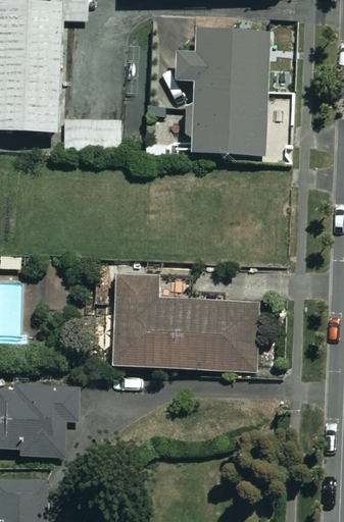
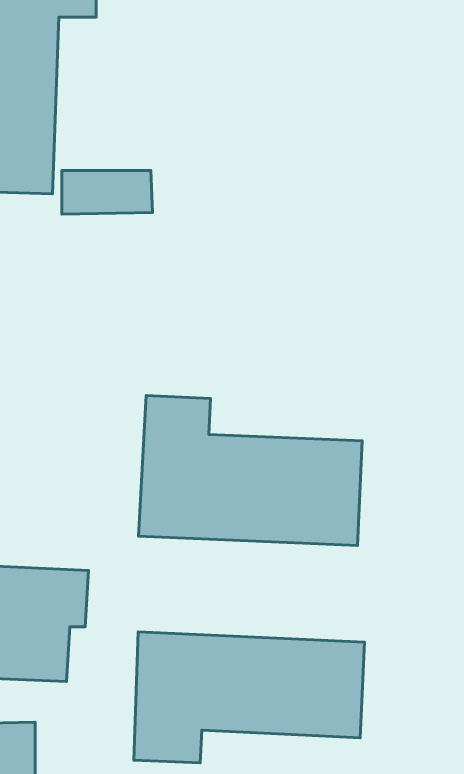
building: [174,34,267,161] -> none
building: none -> [134,632,364,763]

